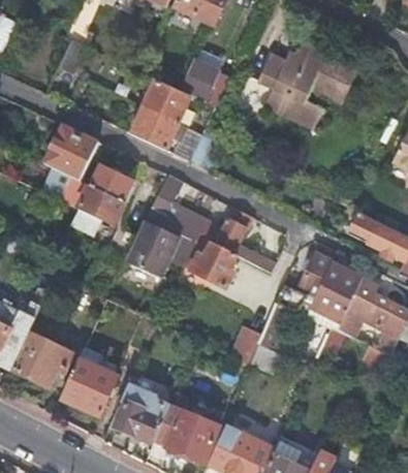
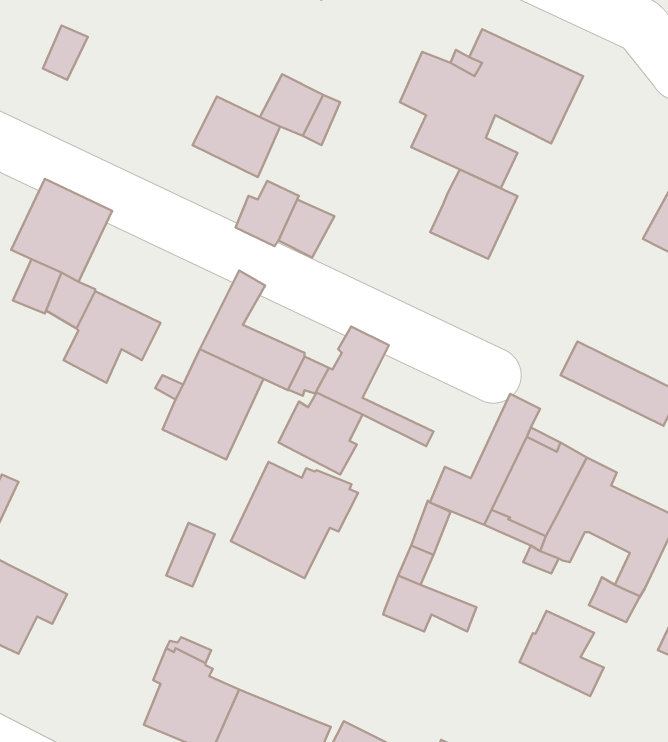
building: [130,105,184,151] -> none
building: none -> [430,169,518,259]
building: [89,165,134,203] -> none
building: none -> [231,462,358,578]
building: [61,347,117,416] -> none
building: none -> [519,611,604,696]

